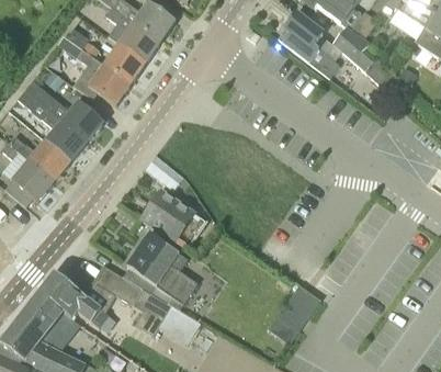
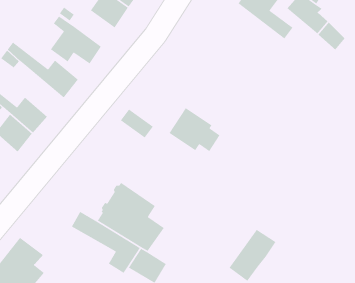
building: [99,45,143,84] -> none
building: [38,106,87,161] -> none
building: [143,190,200,239] -> [169,107,221,152]
building: [38,272,109,326] -> none

